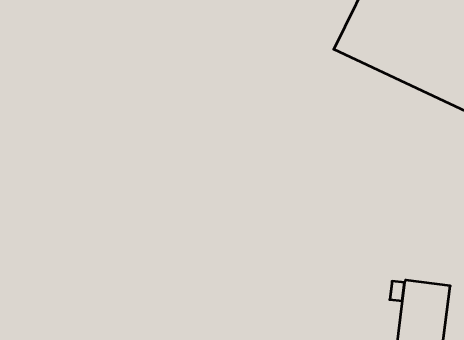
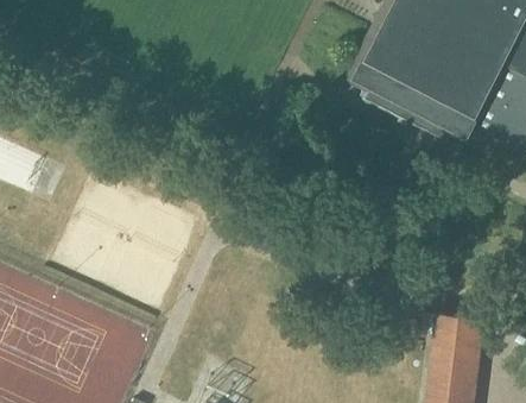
building: none -> [360,73,456,137]

